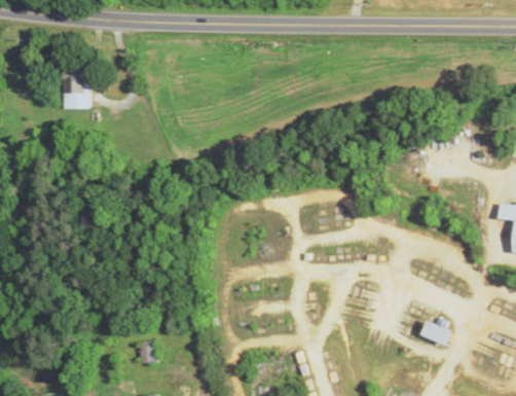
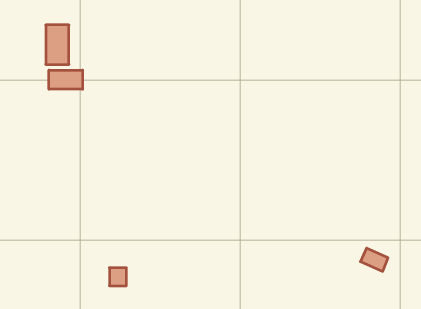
building: none -> [49,70,83,89]

